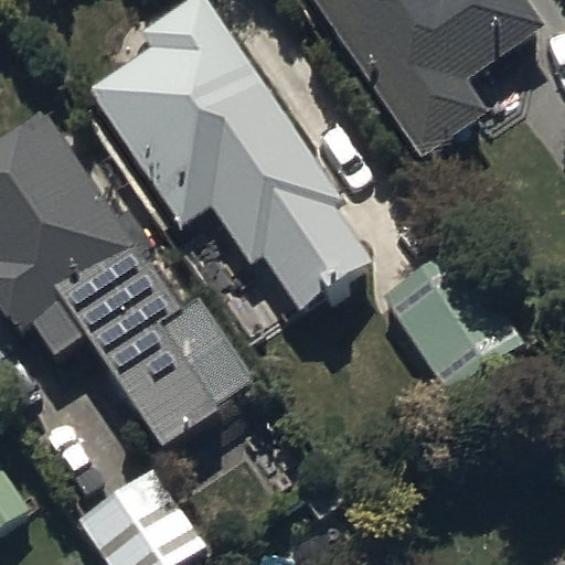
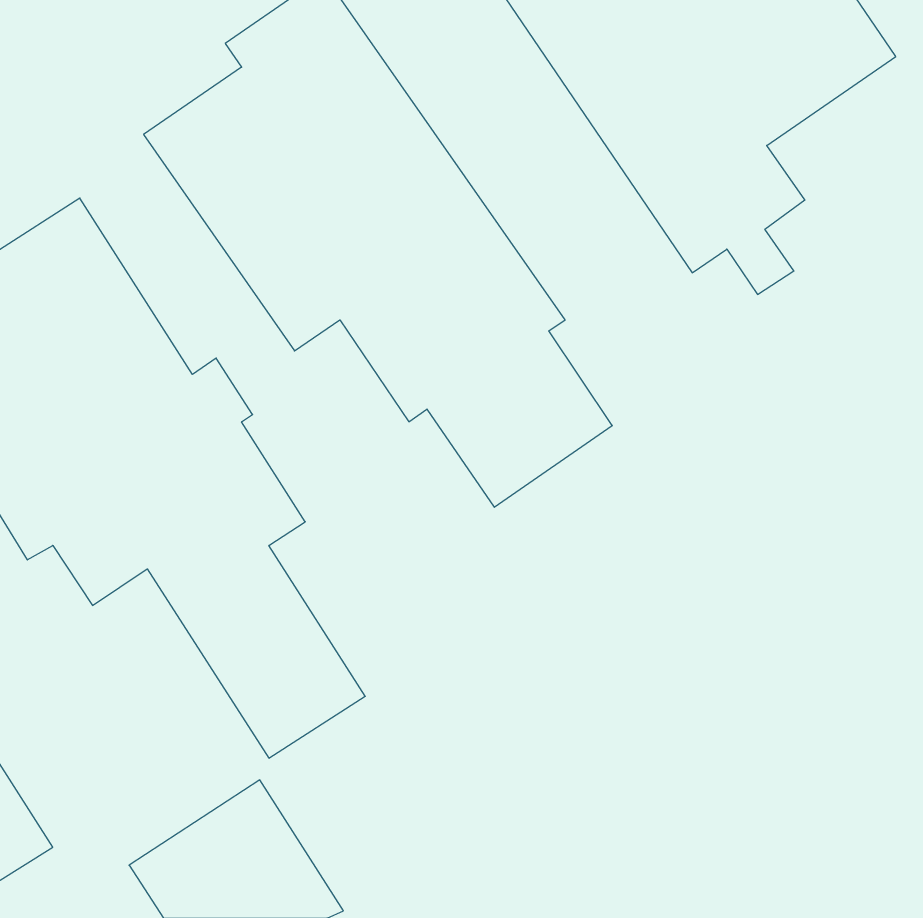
building: [375,237,516,387] -> none

